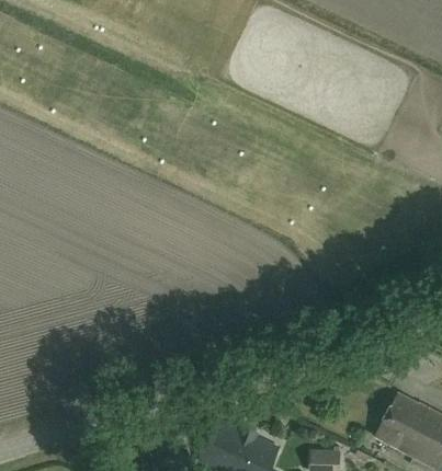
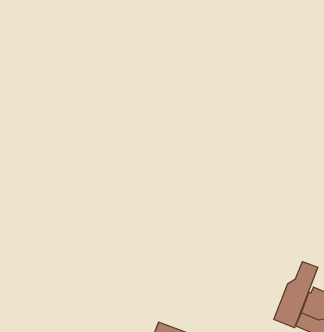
building: none -> [274,262,318,328]

